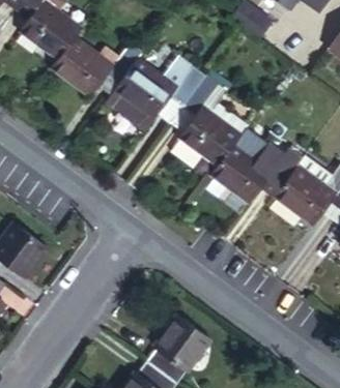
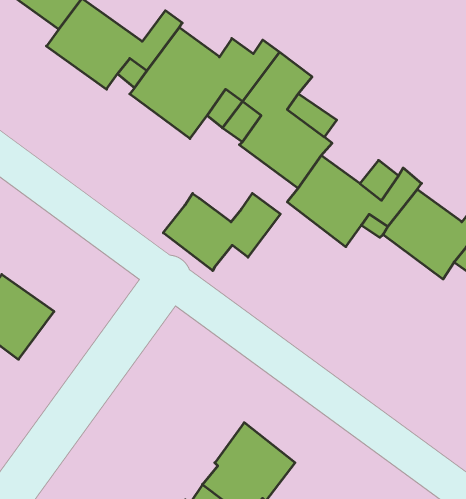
building: none -> [163,193,280,271]

